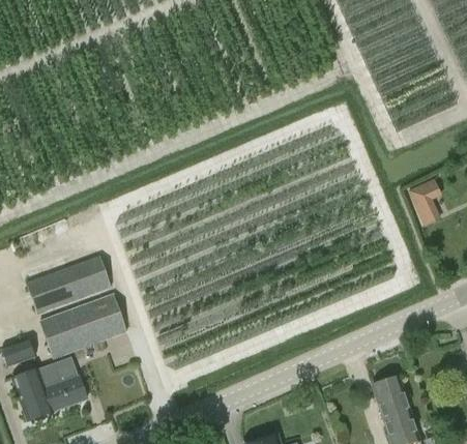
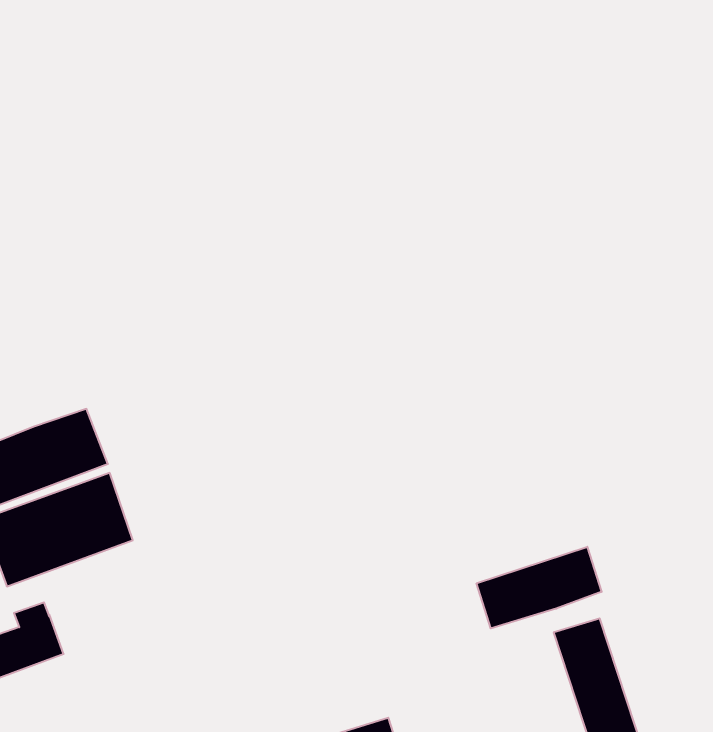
building: [408,184,439,226] -> none
building: none -> [477,547,602,628]

